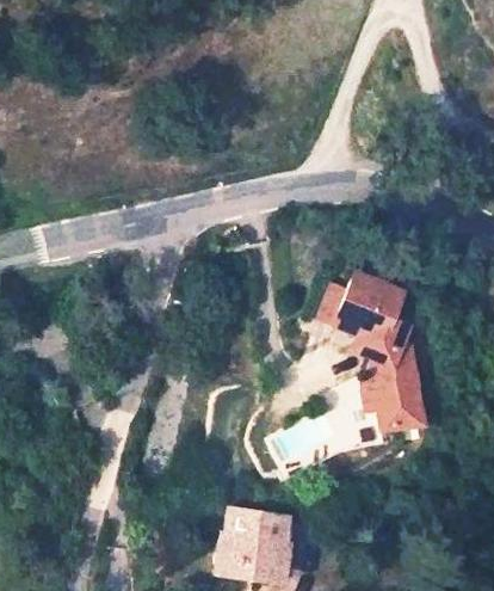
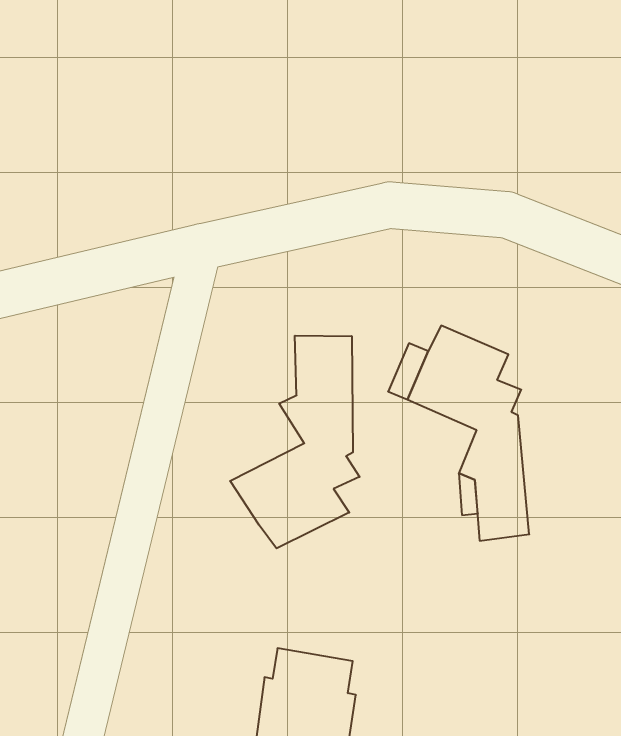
building: none -> [230,336,360,548]

